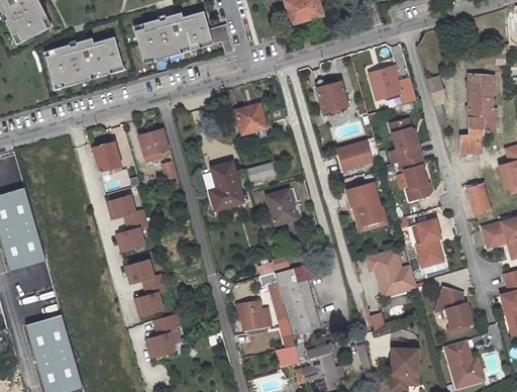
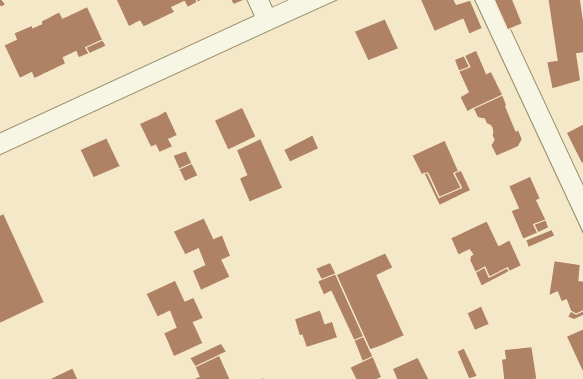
building: [235,102,266,133] -> [214,107,256,150]
building: [336,138,372,169] -> none
building: [267,189,296,224] -> none
building: [106,193,147,249] -> [173,218,231,291]

